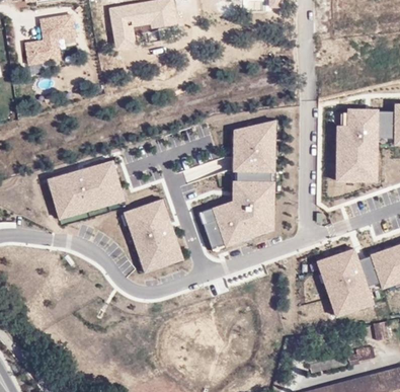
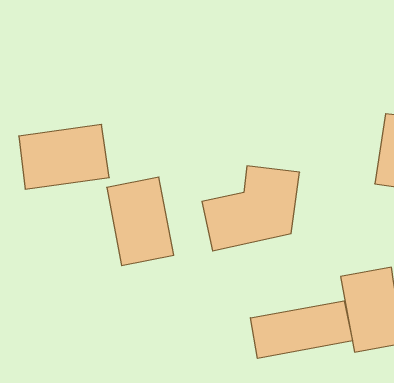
building: [231,120,275,181] -> none
building: none -> [250,301,352,358]

